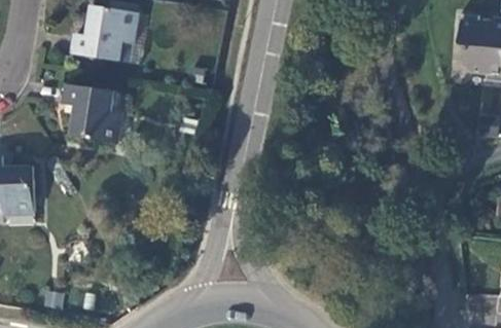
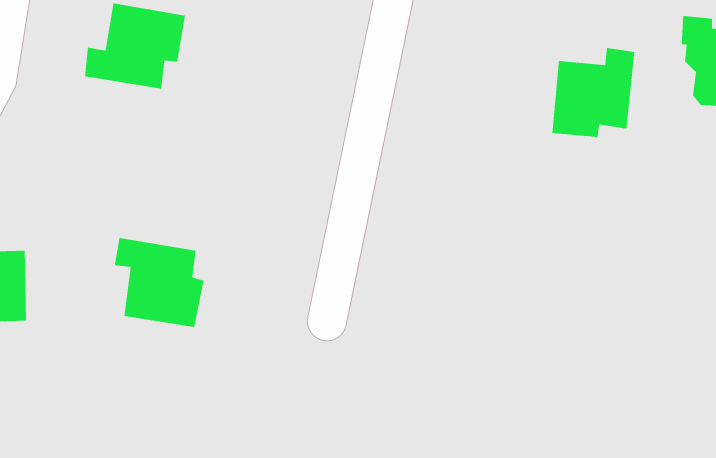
building: none -> [552,47,635,138]
building: [63,84,121,143] -> [114,237,204,328]

